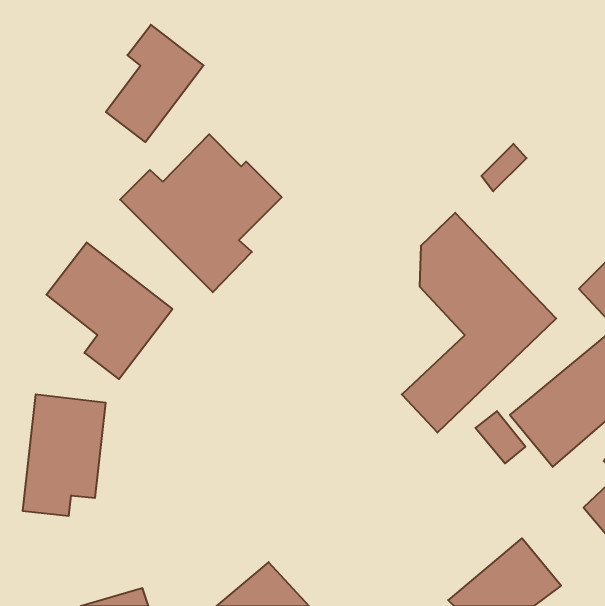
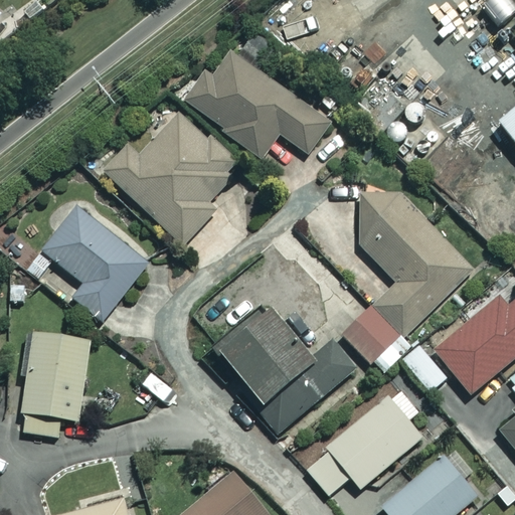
building: [106,25,204,142] -> none
building: none -> [187,47,330,158]
building: none -> [213,305,355,431]
building: none -> [304,396,421,496]

